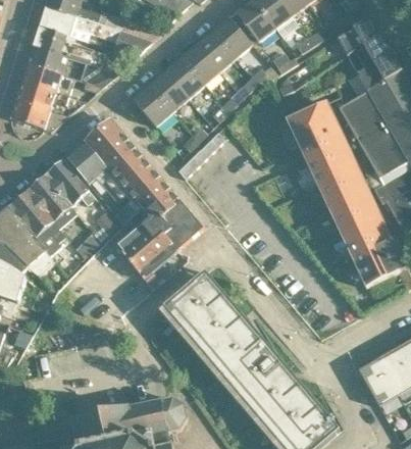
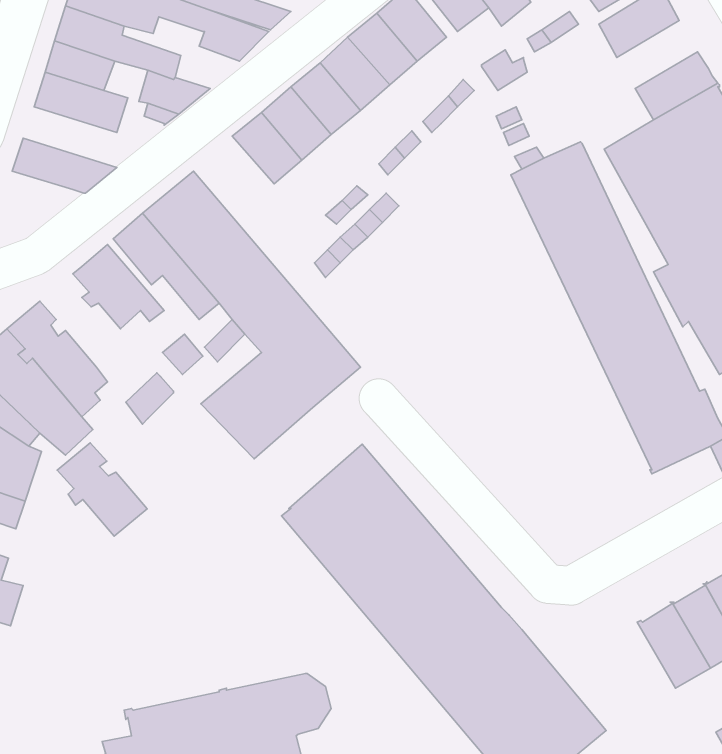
building: [346,35,391,72] -> none
building: [15,83,75,116] -> none
building: [24,176,74,228] -> [57,443,147,536]

